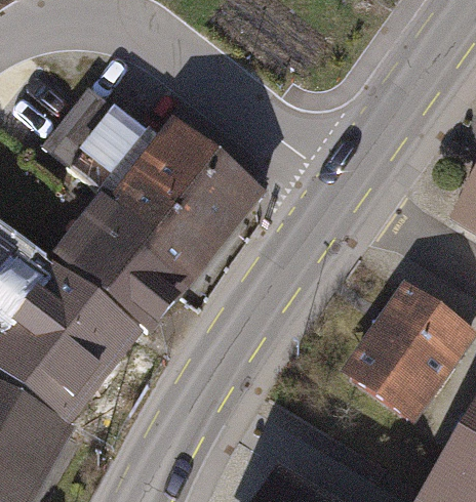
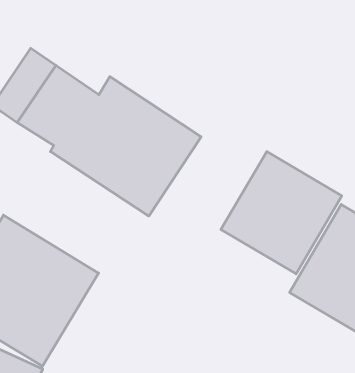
building: [53,194,200,332] -> none
building: none -> [221,152,342,274]

